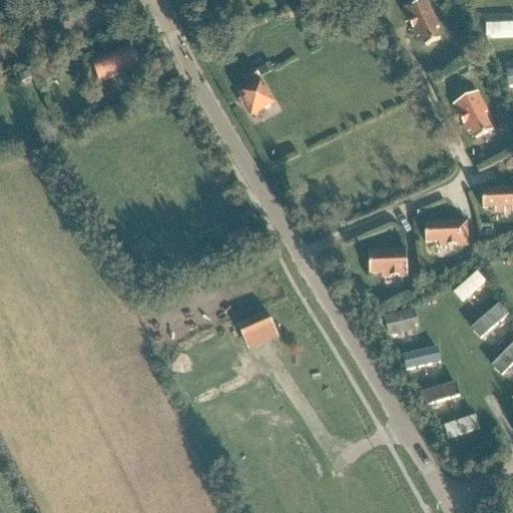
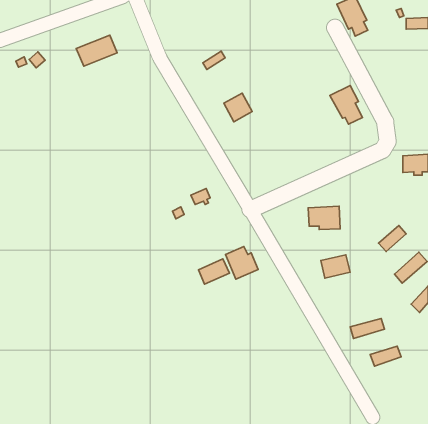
building: [239,79,274,113] -> [224,93,252,122]
building: [453,90,492,136] -> [330,86,363,124]
building: [424,218,468,243] -> none
building: none -> [226,247,258,279]
building: [404,346,442,370] -> none

